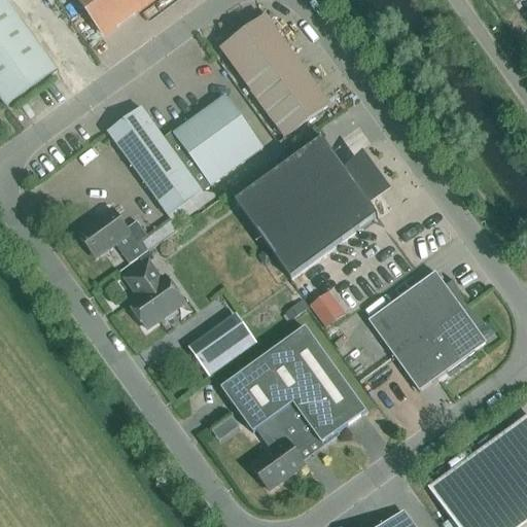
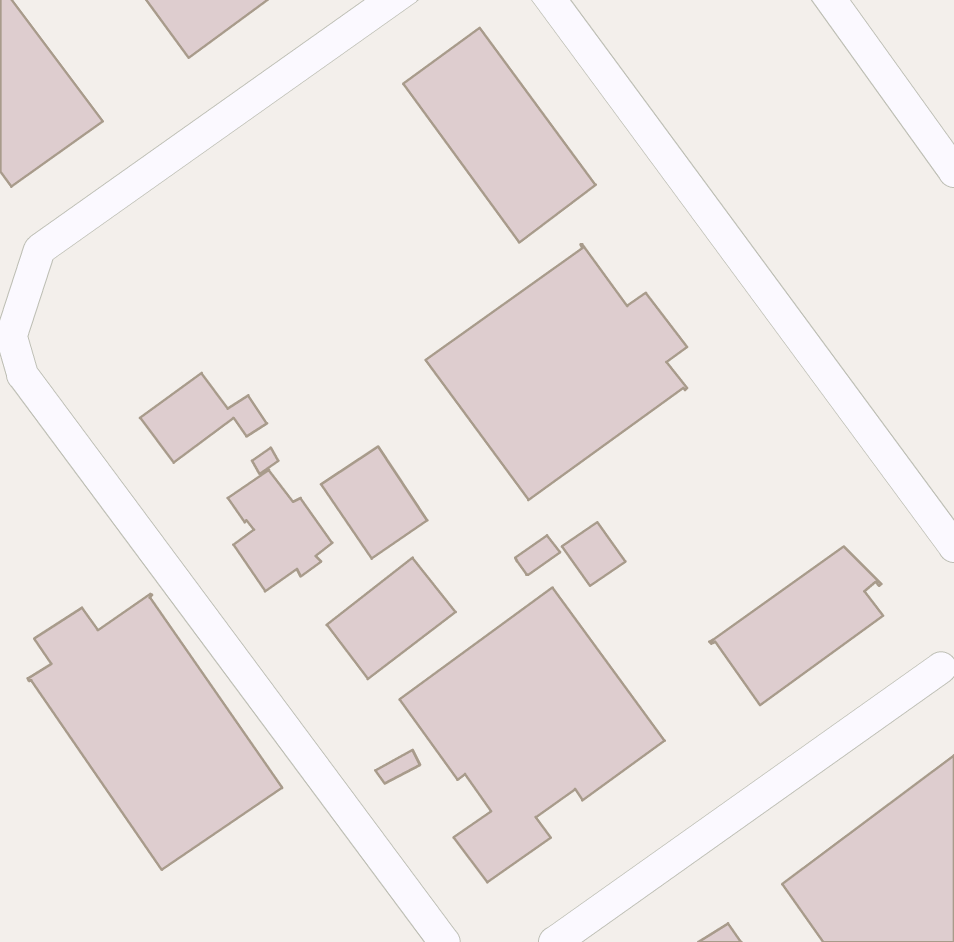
building: [107,96,261,219] -> none
building: none -> [321,447,427,559]
building: [368,270,465,353] -> none
building: none -> [28,594,282,870]

